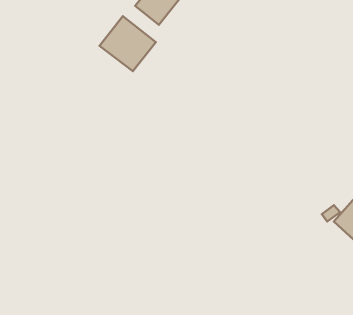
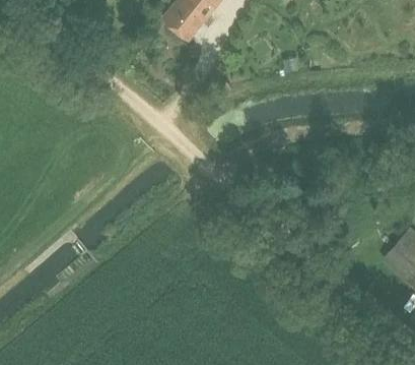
building: [100,16,156,71] -> none

